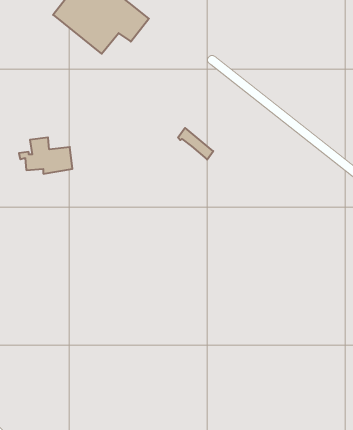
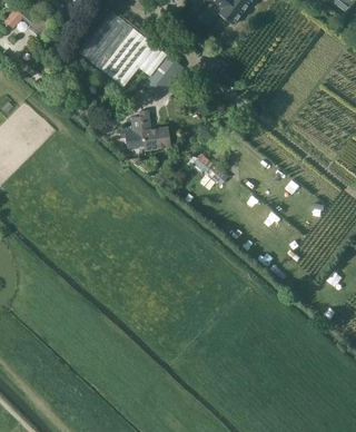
building: none -> [146,56,181,95]
building: [19,137,72,174] -> [122,117,171,150]

